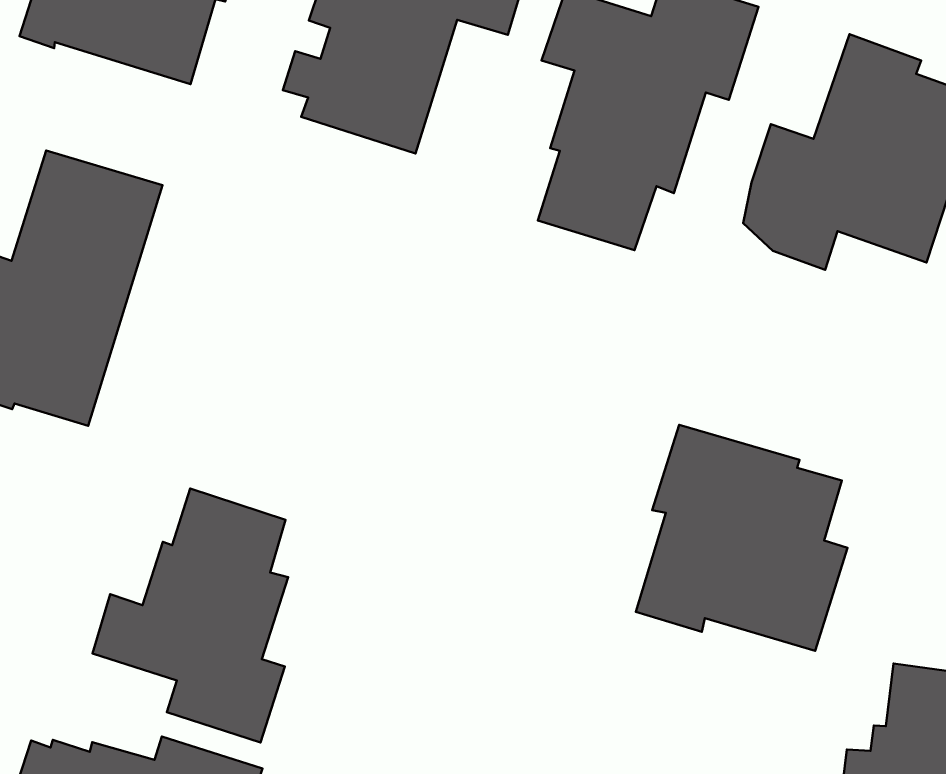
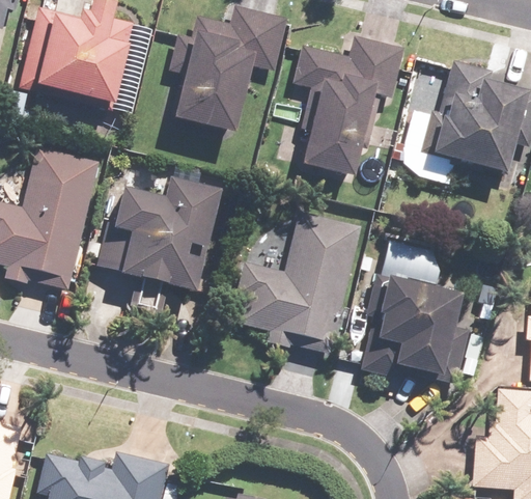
building: none -> [100,178,218,314]
building: none -> [237,210,363,354]
building: [93,488,288,742] -> none

